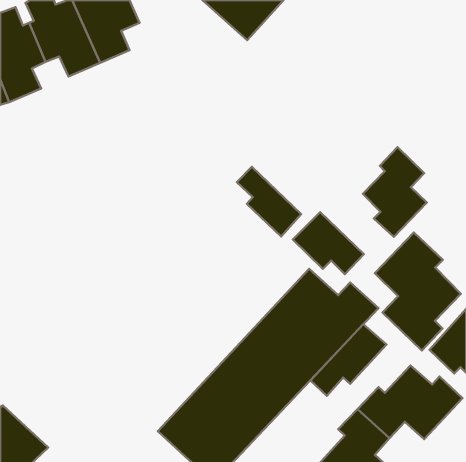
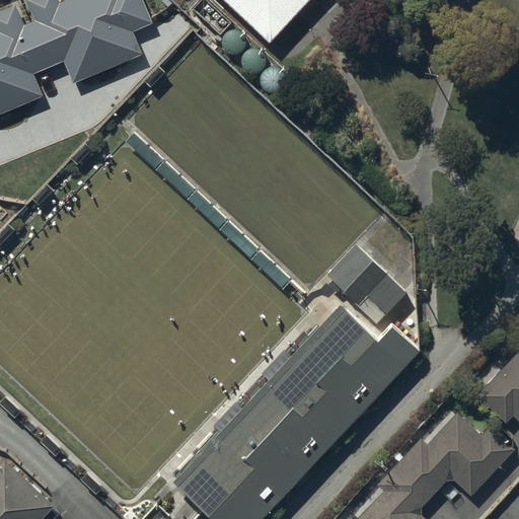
building: [363,147,427,237] -> none
building: [237,167,301,236] -> none
building: [375,233,461,351] -> none
building: [310,324,387,396] -> none

